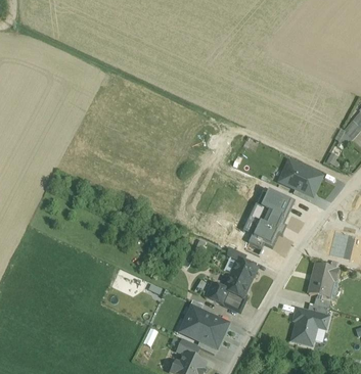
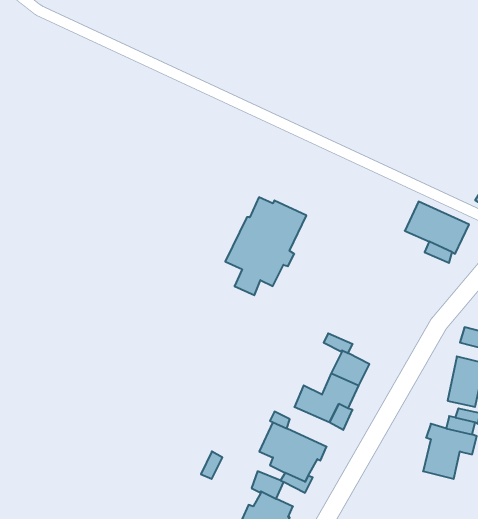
building: [239,188,294,253] -> [225,197,306,295]

